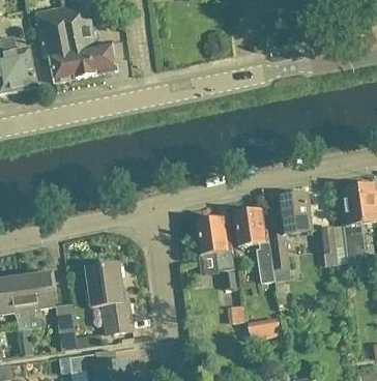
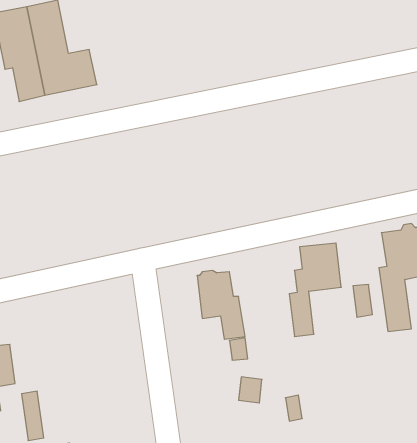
building: [234,208,276,283] -> none
building: [86,263,133,333] -> none

